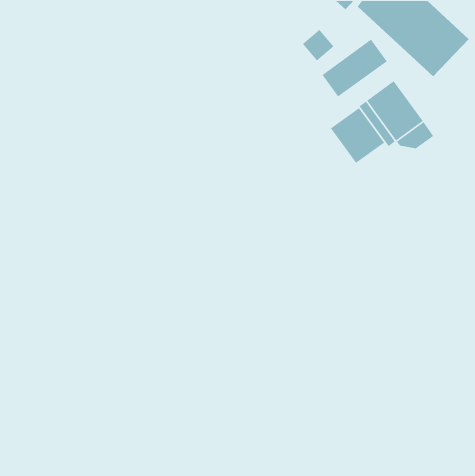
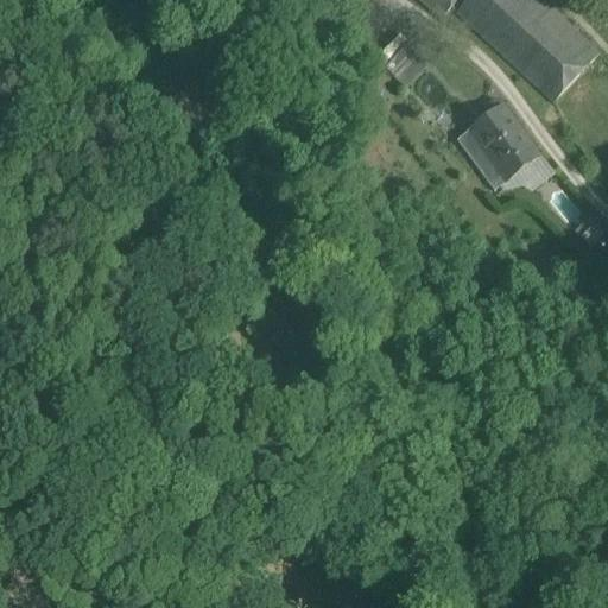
building: [322,39,388,98] -> none
building: [330,107,385,164] -> none

